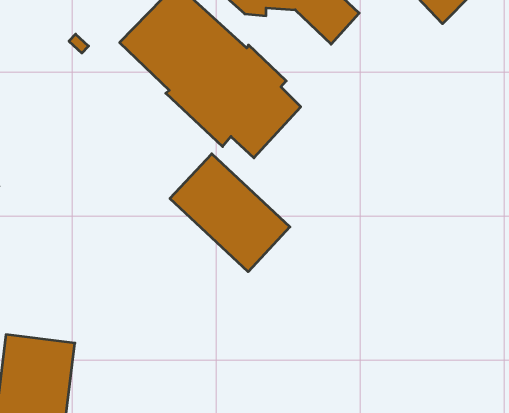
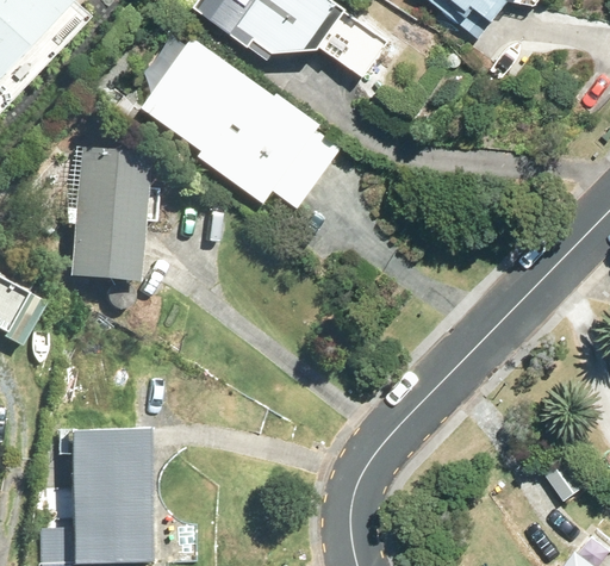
building: none -> [66,148,148,282]
building: [170,154,290,272] -> none

